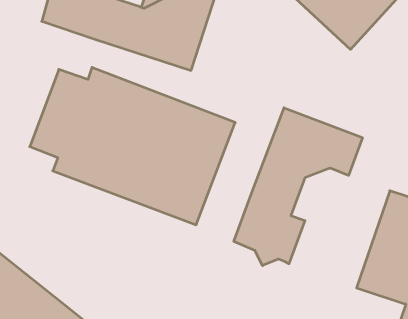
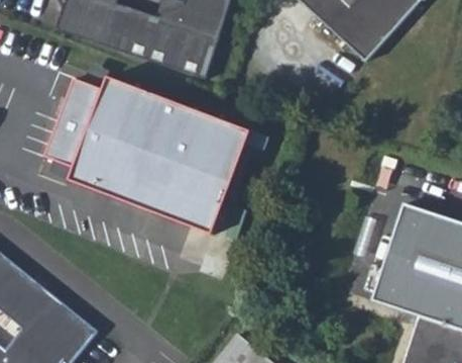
building: [234,108,362,266] -> none

